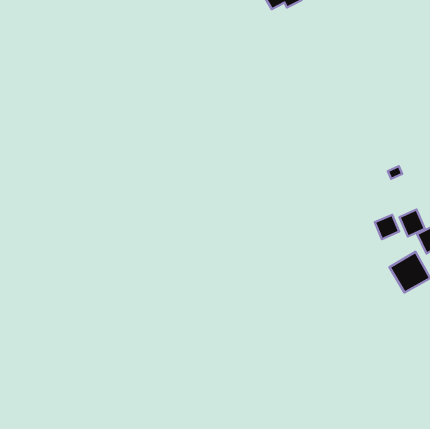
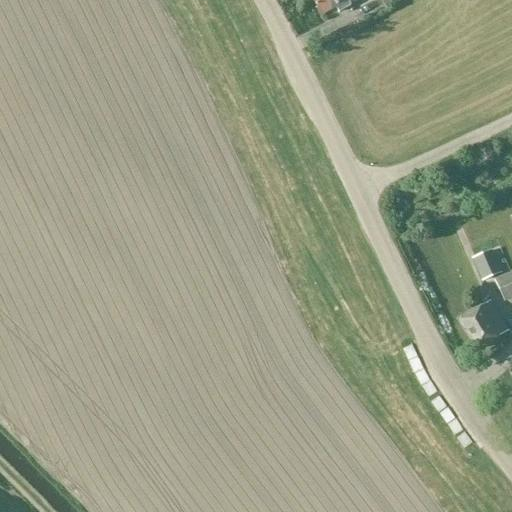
building: [375,215,399,239] -> none

